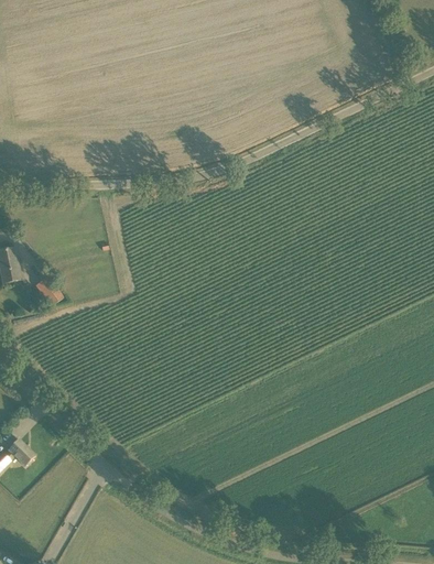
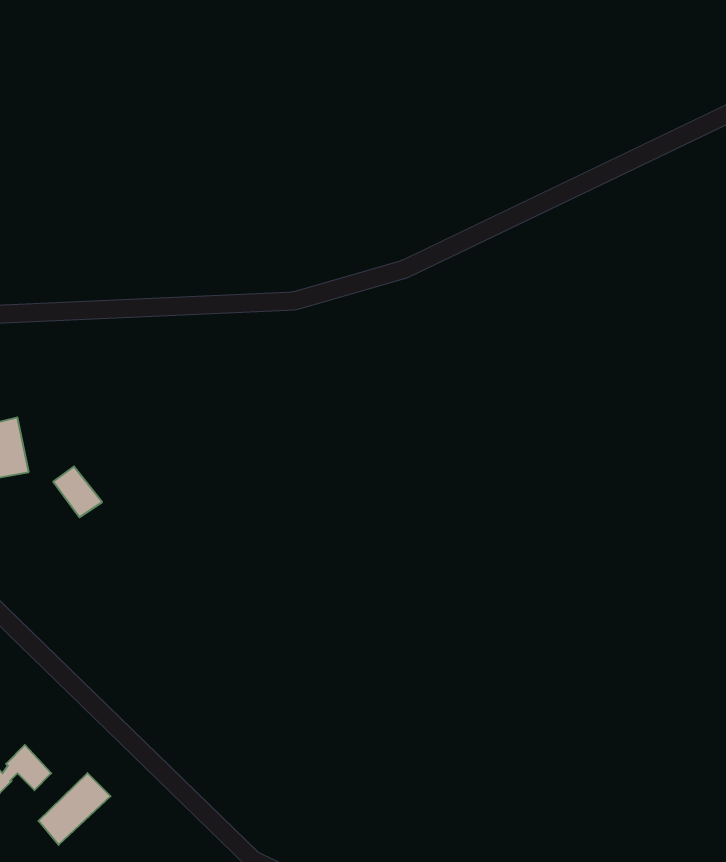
building: none -> [38,773,111,845]

